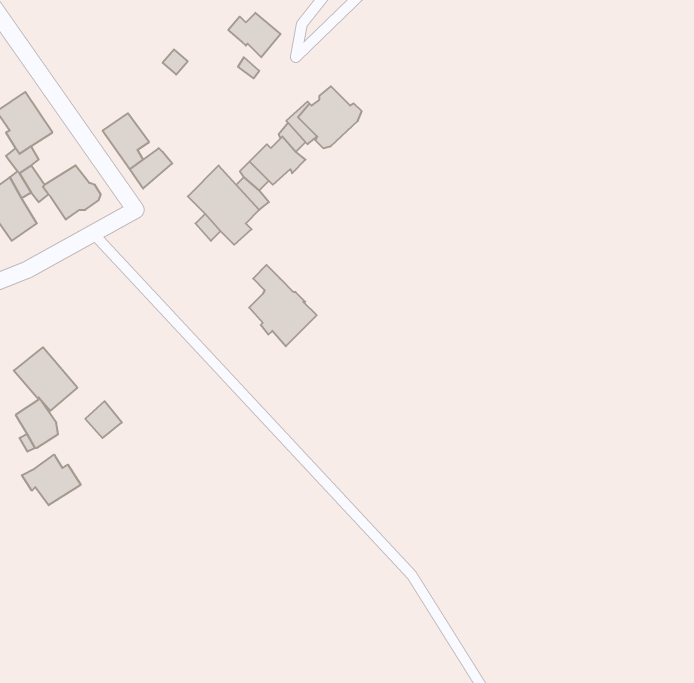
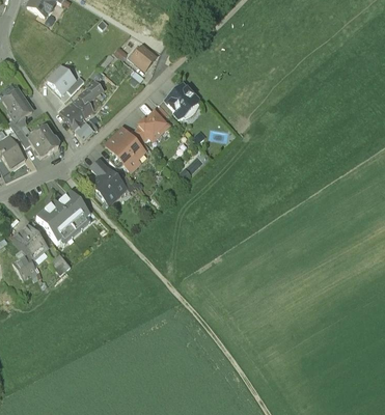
building: none -> [47,65,75,93]
building: none -> [73,81,101,115]
building: [249,265,317,346] -> [89,160,126,203]
building: none -> [35,190,89,241]
building: [22,455,81,505] -> none

